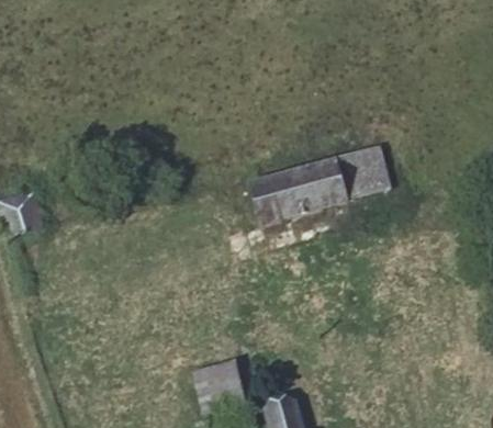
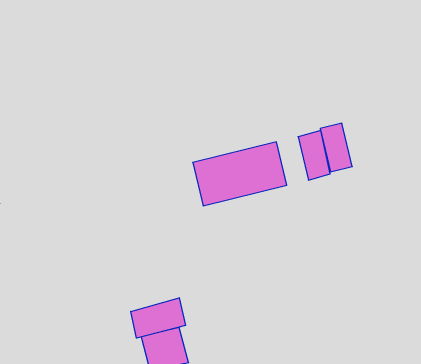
building: [336,151,370,203] -> [320,123,352,172]
building: none -> [131,298,185,338]

